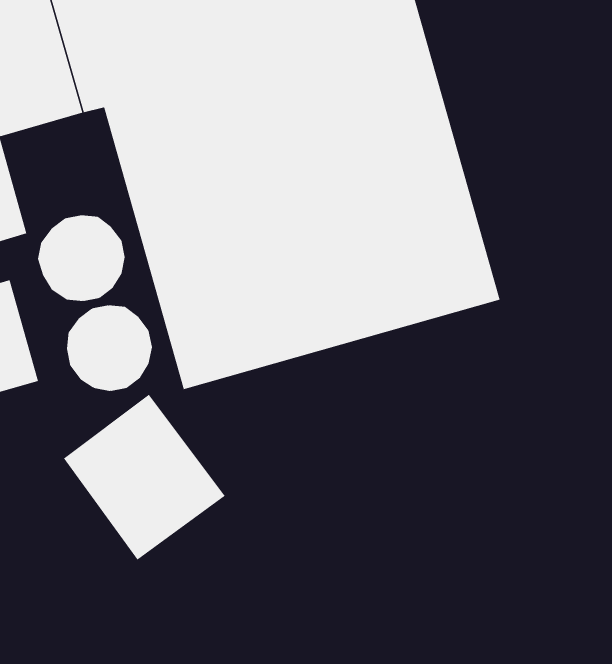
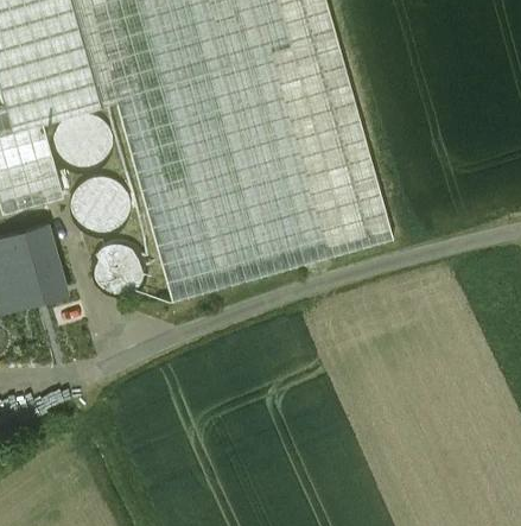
building: none -> [52,112,113,173]
building: [63,394,225,561] -> none

